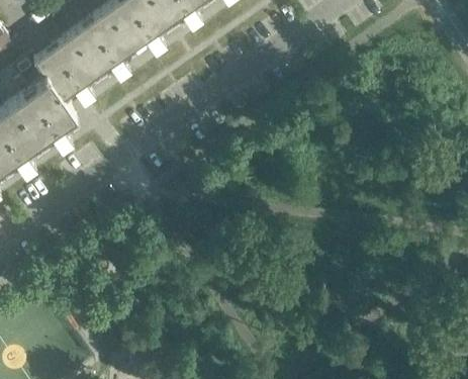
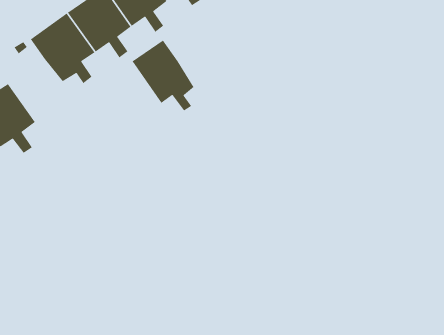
building: none -> [132,40,195,112]
building: [11,79,73,147] -> none

